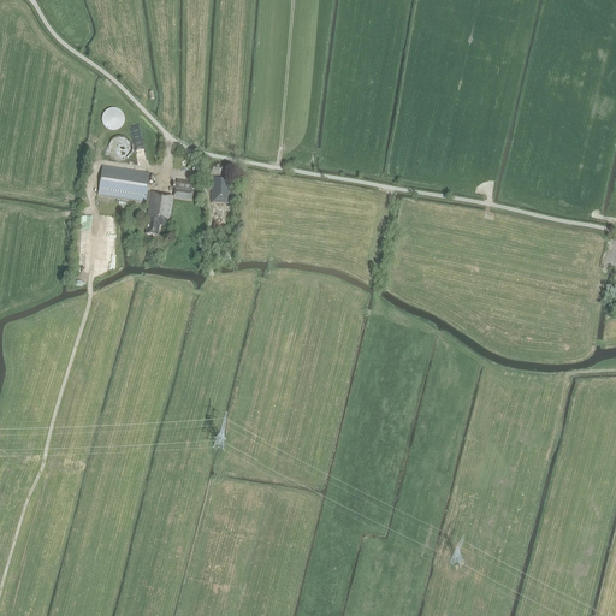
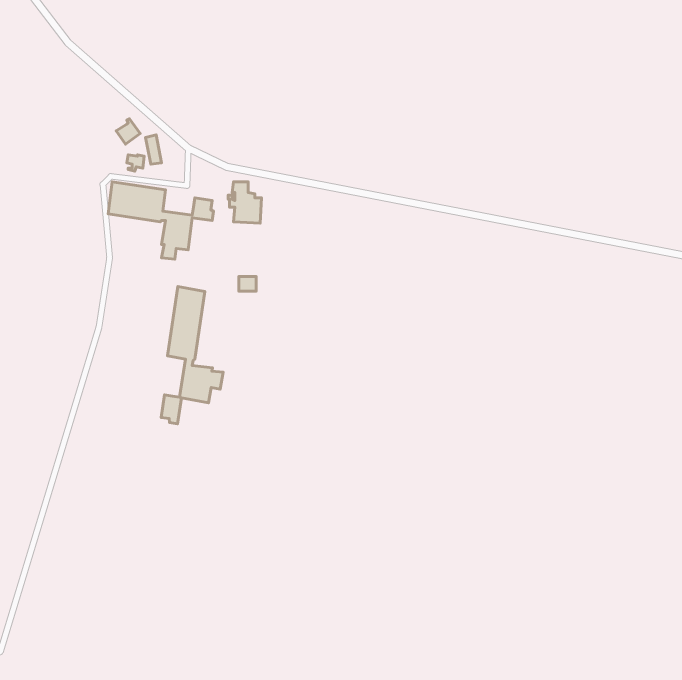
building: none -> [161,286,223,424]

